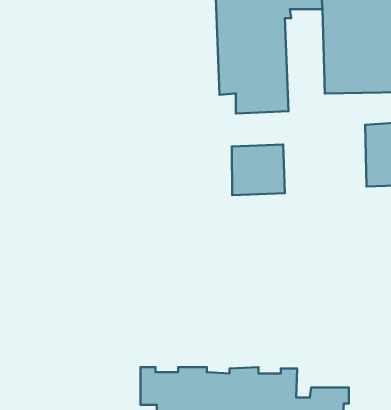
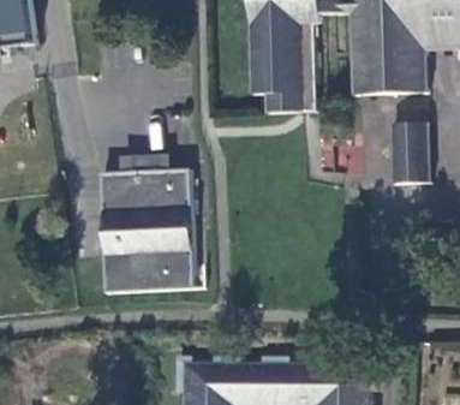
building: [232,145,285,195] -> none
building: none -> [100,169,196,294]

